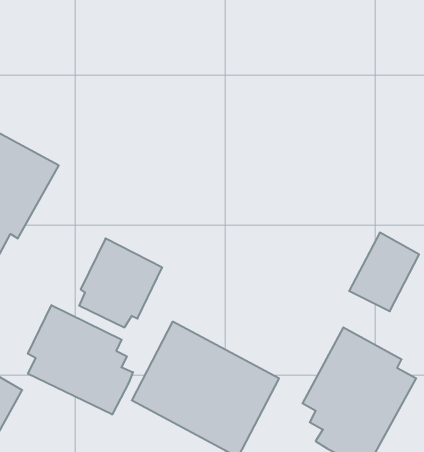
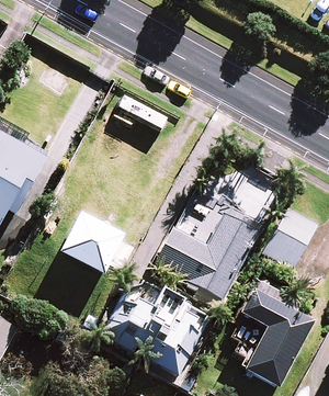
building: none -> [155,195,257,297]
building: [28,305,133,415] -> none

